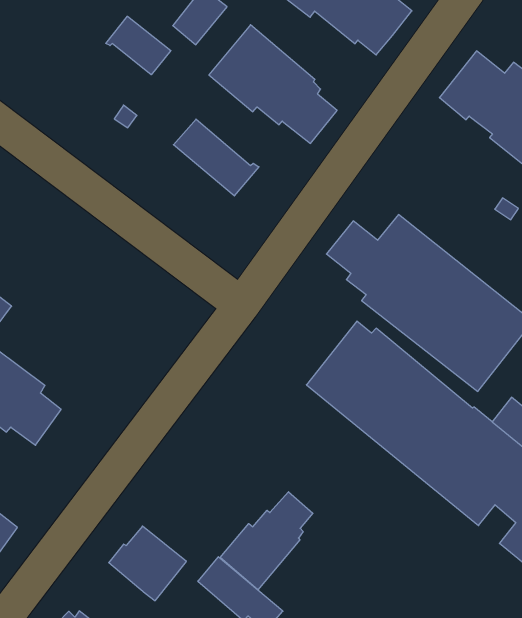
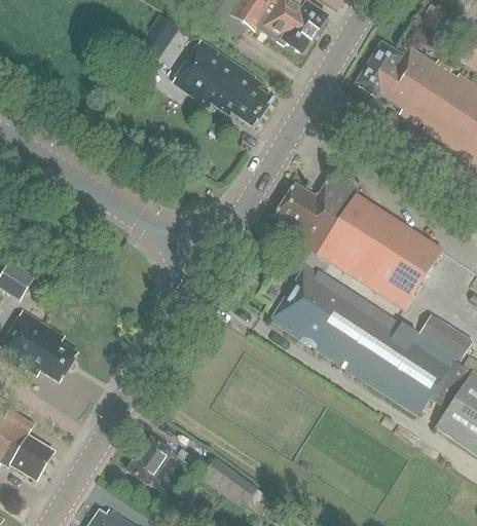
building: [106,16,171,75] -> none
building: [173,119,259,196] -> none
building: [220,492,313,590] -> none

